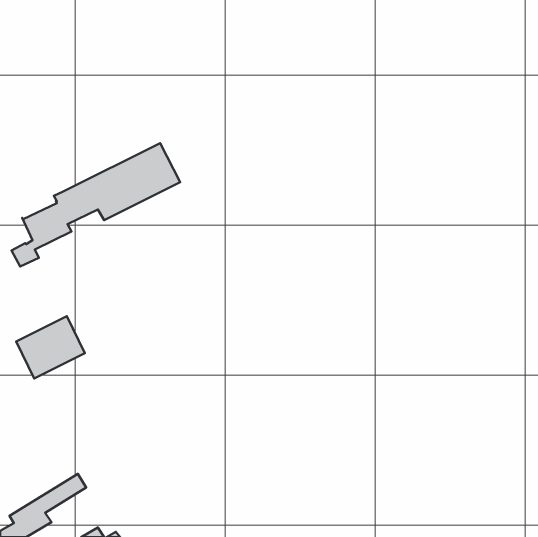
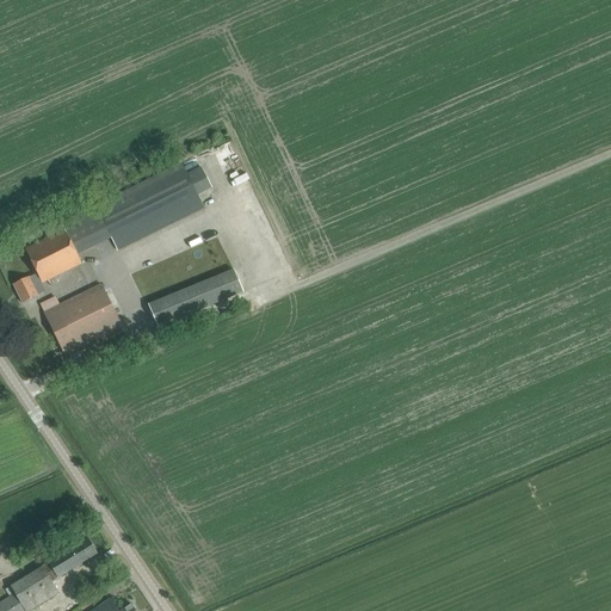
building: none -> [147,271,245,328]
building: [16,316,85,378] -> [44,284,122,354]

